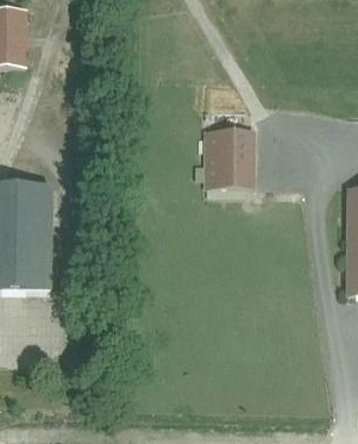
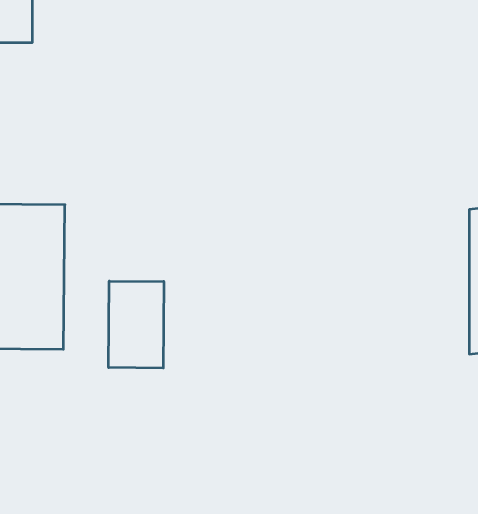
building: [205,117,255,186] -> none
building: none -> [109,281,164,368]

